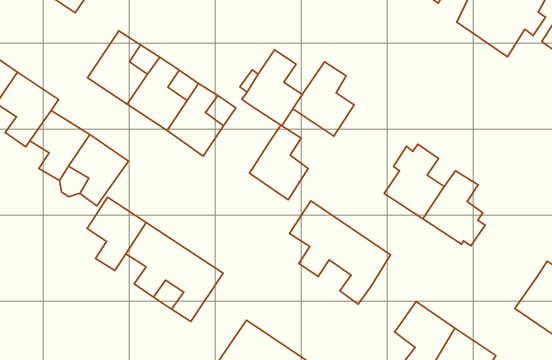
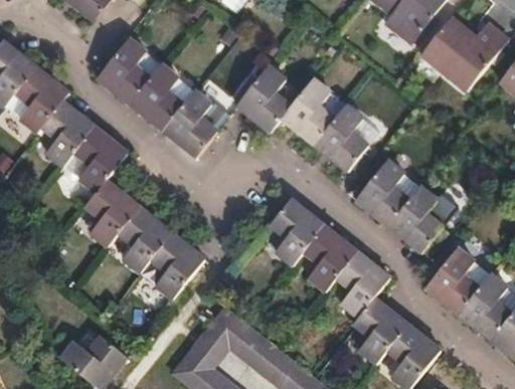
building: [249,125,308,200] -> [312,106,364,172]
building: none -> [426,245,480,311]
building: none -> [333,254,385,321]

